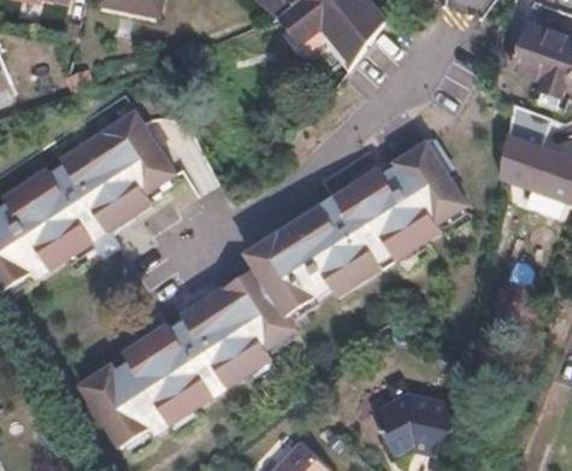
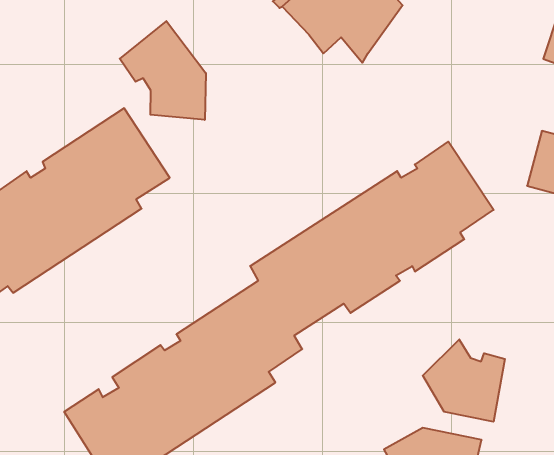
building: none -> [120,21,206,120]
building: none -> [423,339,505,422]

